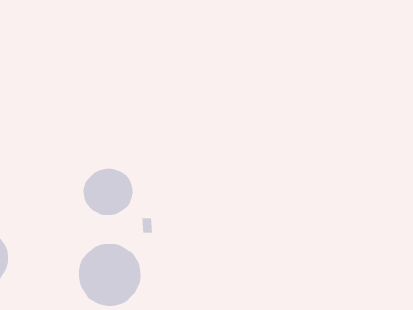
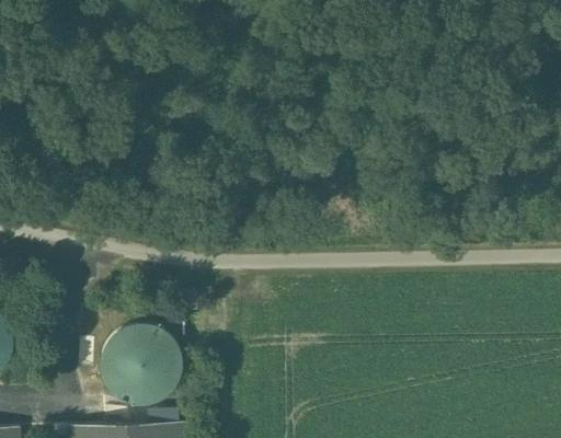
building: [83,168,133,216] -> none

